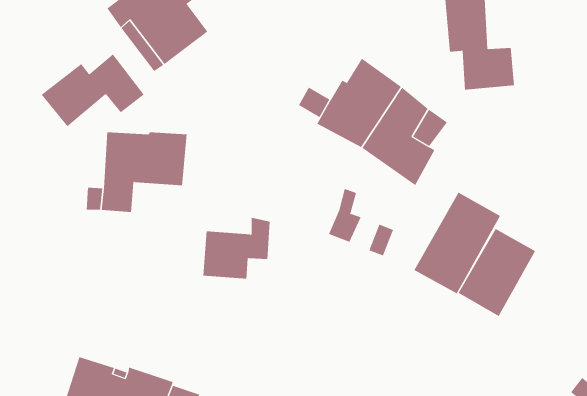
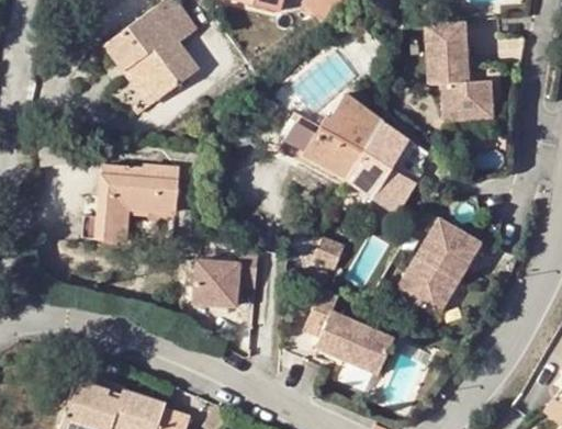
building: [41,54,145,127] -> none
building: [458,228,536,317] -> none
building: none -> [305,291,394,375]

